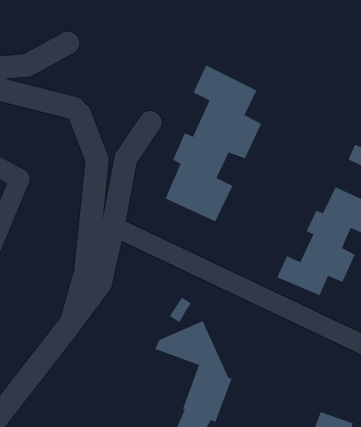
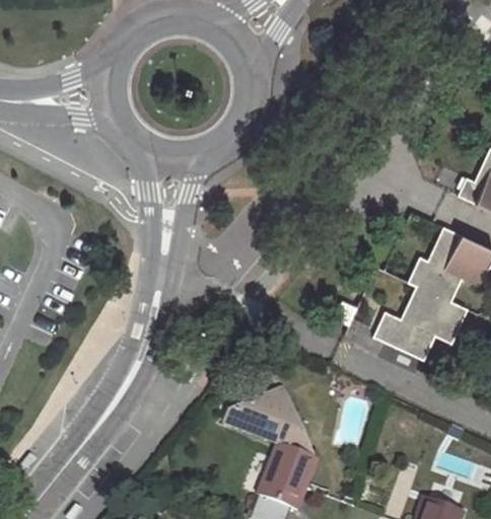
building: [165,65,262,222] -> none

